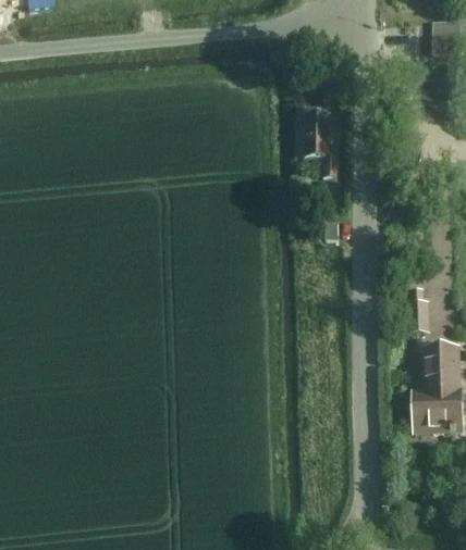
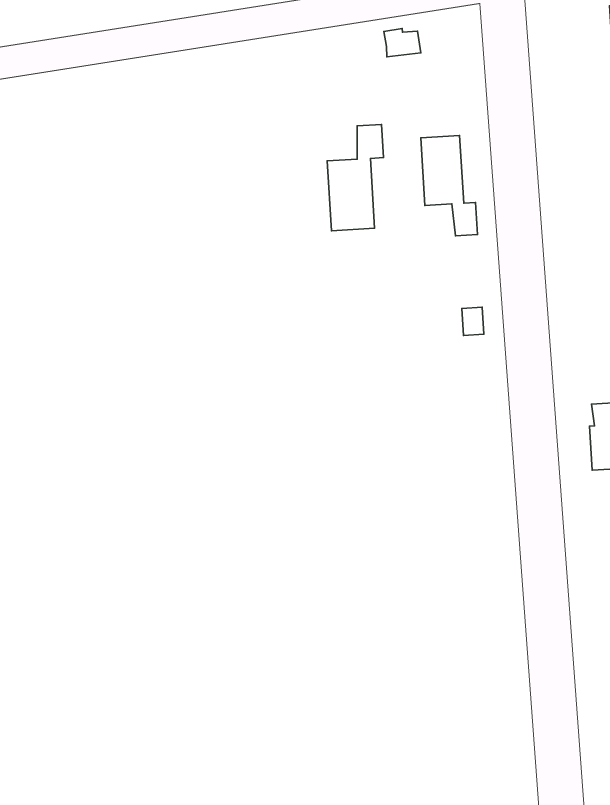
building: none -> [327,124,384,231]

